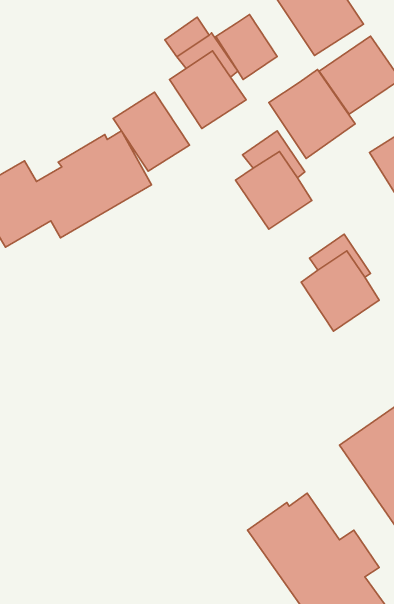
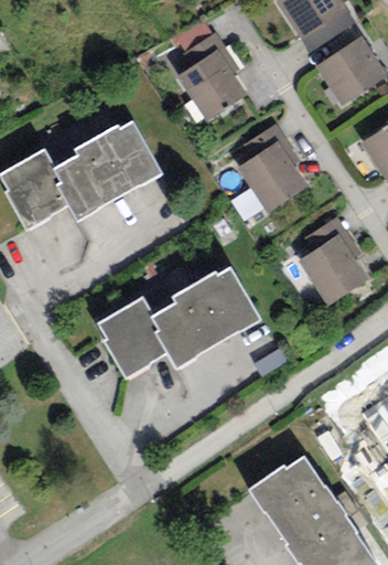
building: [216,14,277,79] -> none
building: [269,69,355,158] -> none
building: [113,92,189,171] -> none
building: none -> [97,265,261,380]

